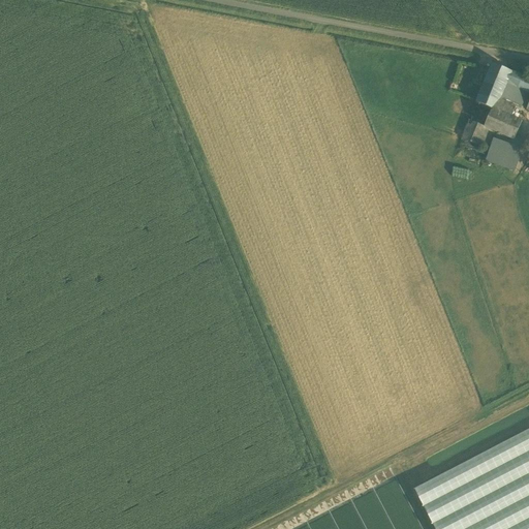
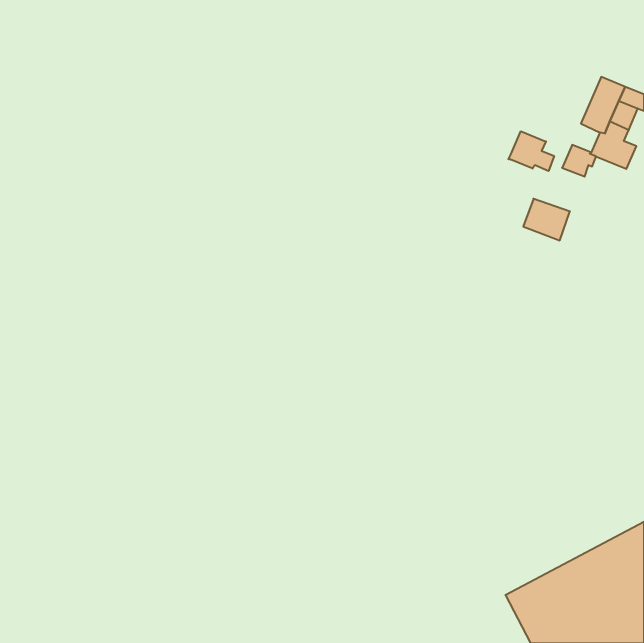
building: none -> [508,131,554,171]
building: [485,137,523,172] -> [523,199,570,240]

